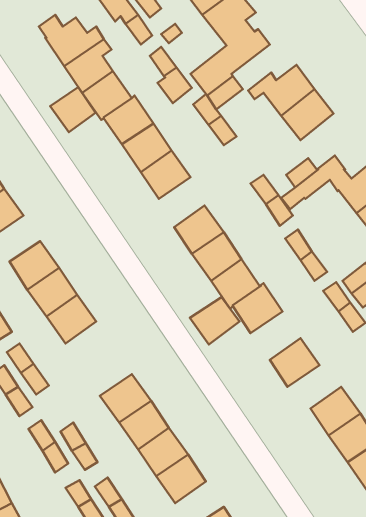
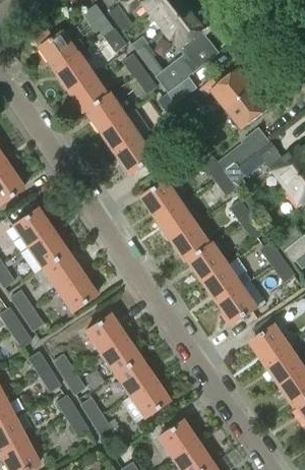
building: [50,87,96,132] -> none
building: [190,297,240,345] -> [204,266,244,303]
building: none -> [57,273,97,312]

